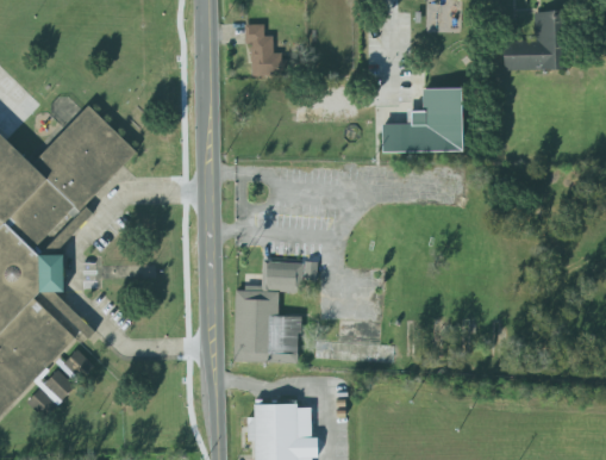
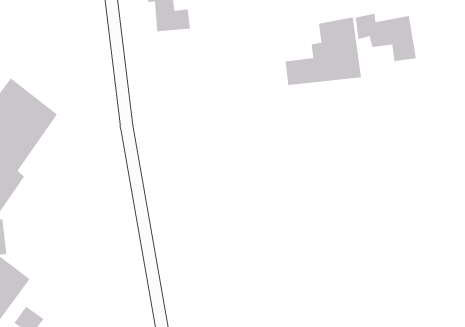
building: none -> [355,13,417,62]
building: [233,261,317,362] -> none

